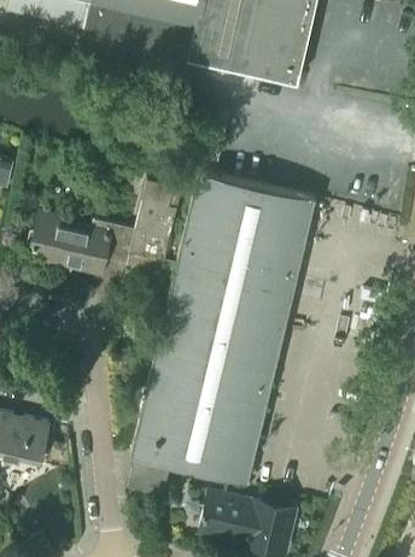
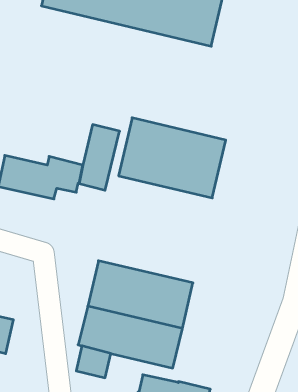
building: [154,244,297,377] -> none

